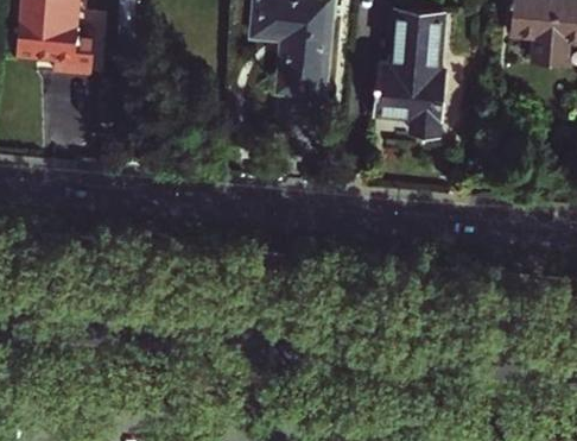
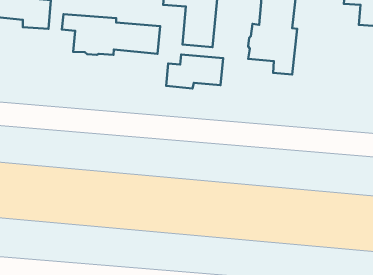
building: none -> [62,14,160,55]
building: none -> [166,54,223,89]

